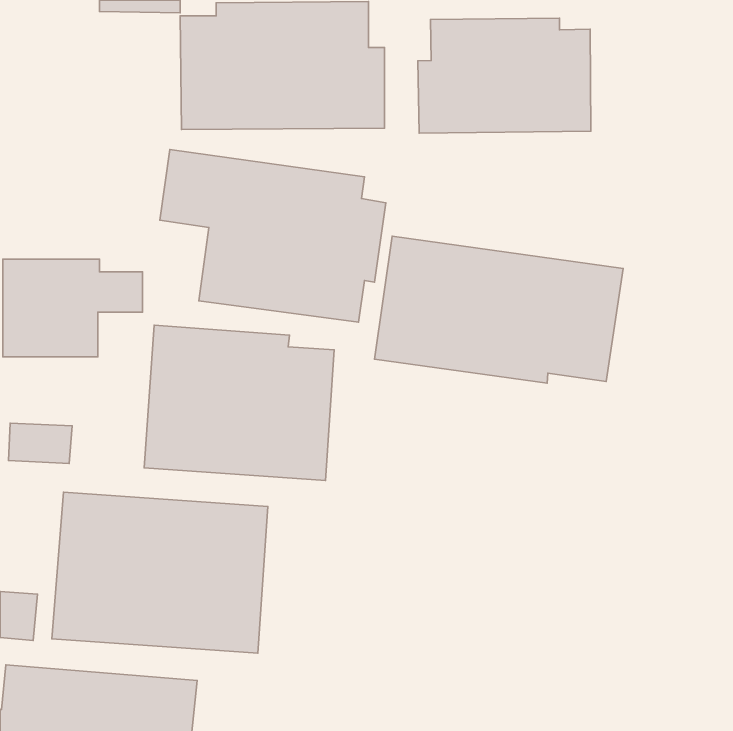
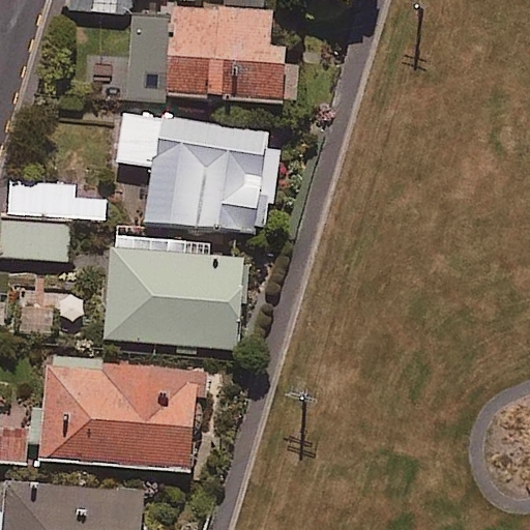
building: [418,18,591,133] -> none
building: [375,236,623,383] -> none

